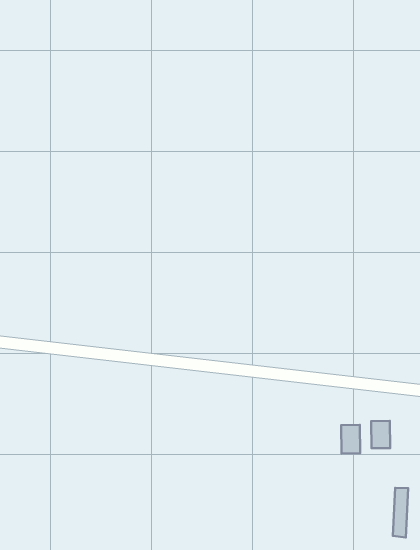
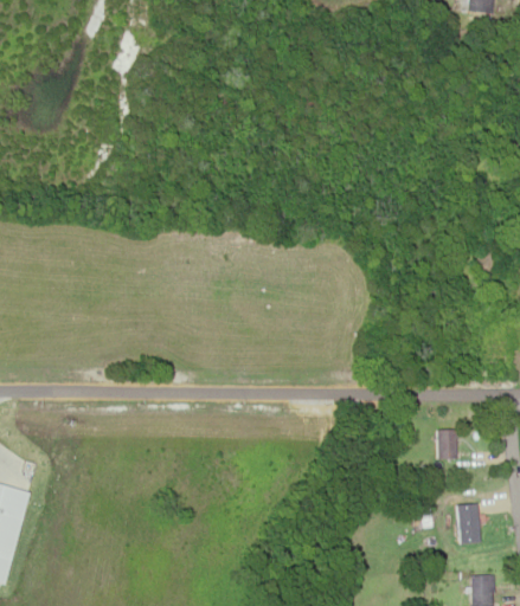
building: [341,425,360,454] -> none

